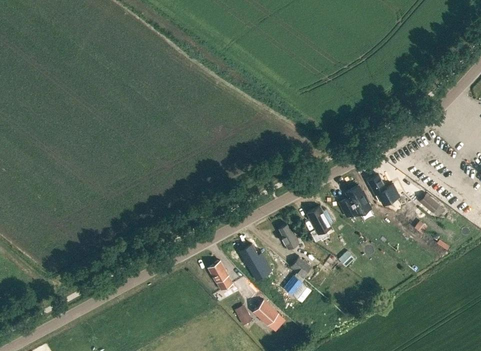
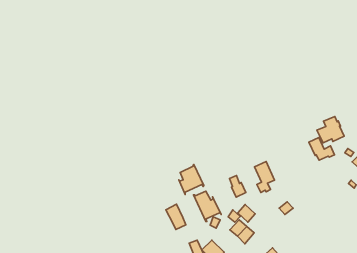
building: [340,186,372,217] -> [317,116,344,143]
building: none -> [179,164,204,194]

